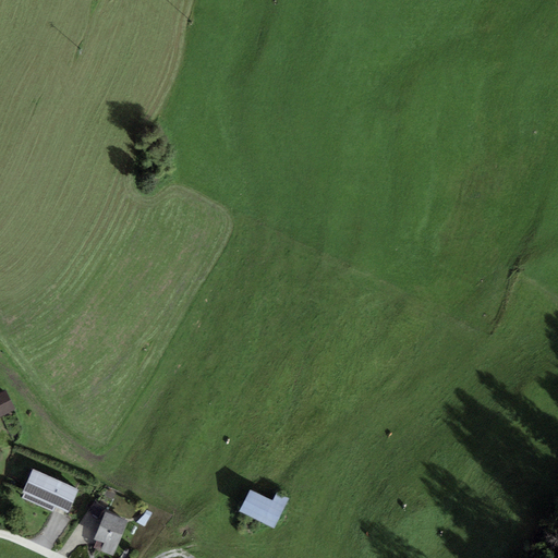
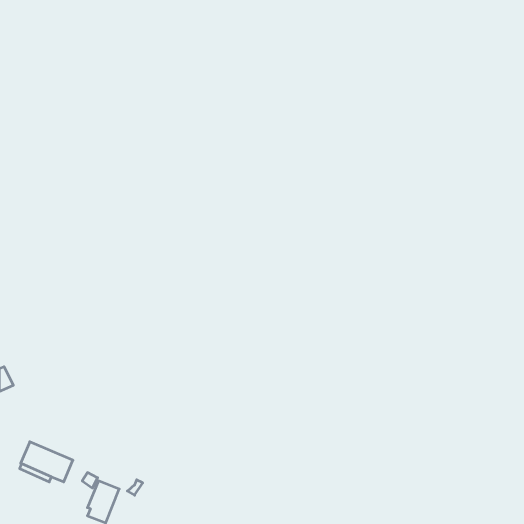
building: [239,488,288,527] -> none

